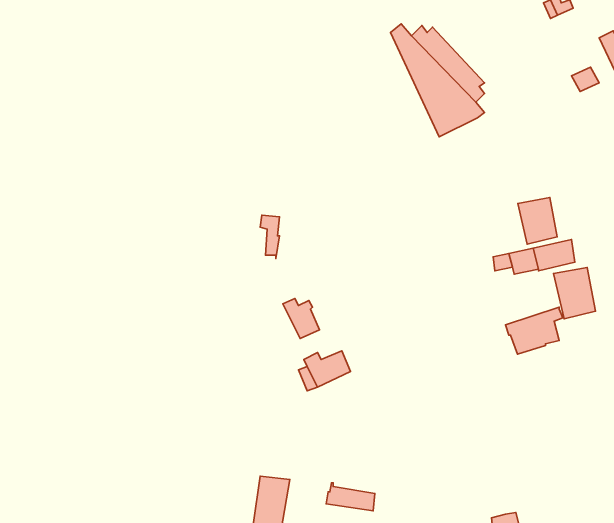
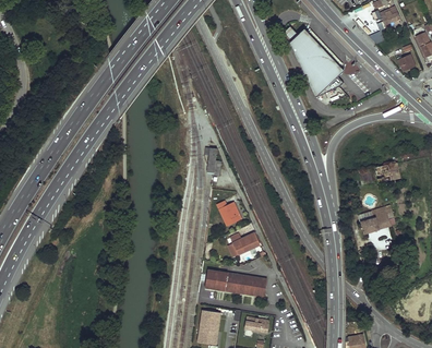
building: [518,197,557,244] -> none
building: [554,267,596,319] -> none
building: none -> [204,269,266,297]

